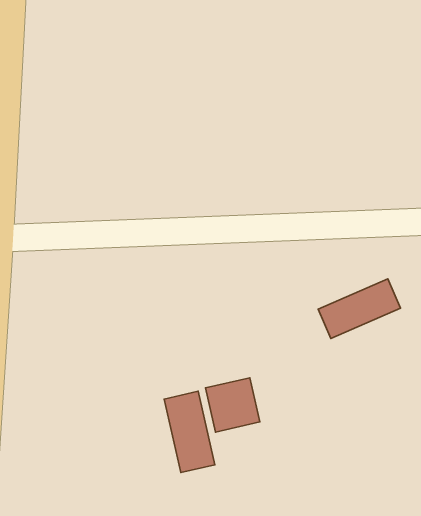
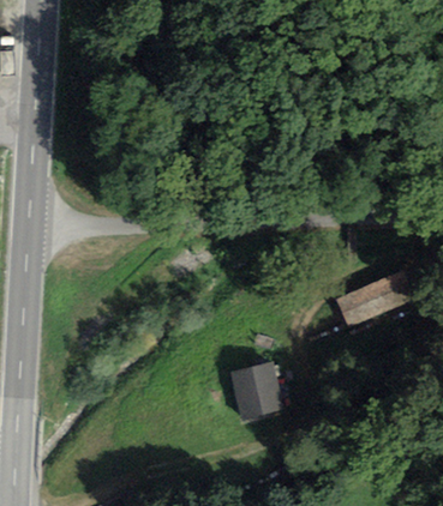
building: [164,391,215,473] -> none

